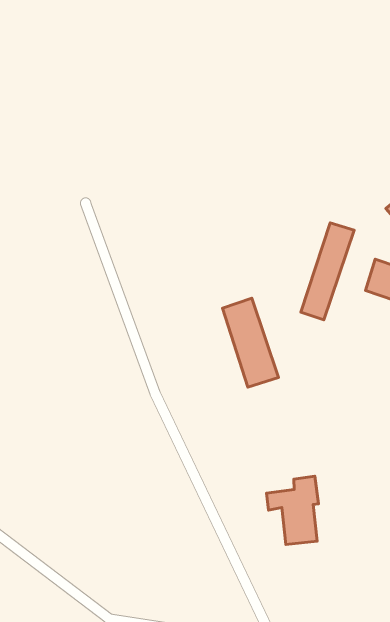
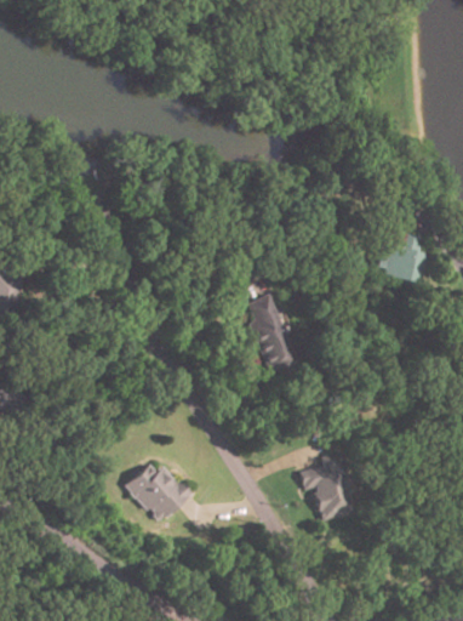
building: [301,223,354,320] -> none
building: none -> [126,463,190,523]

